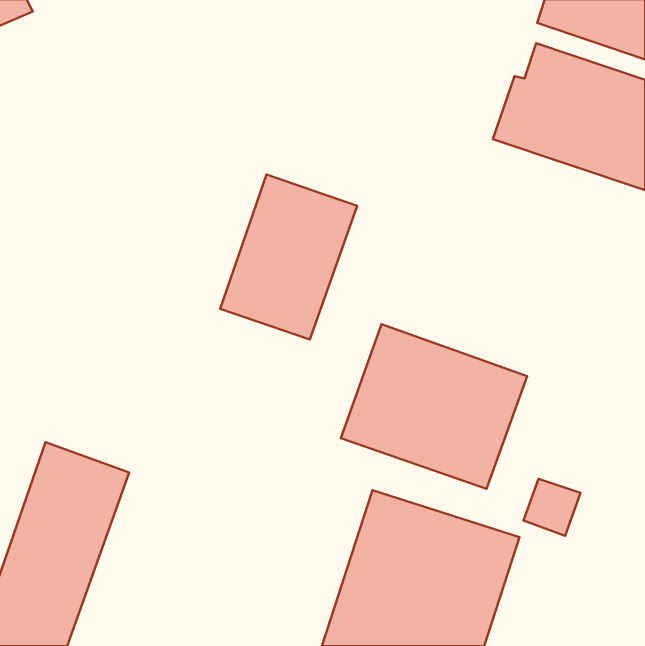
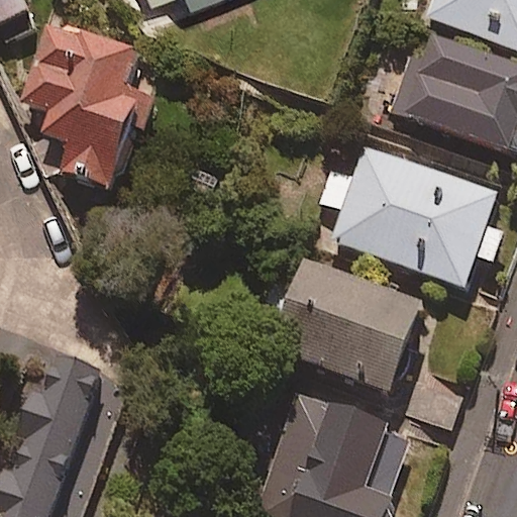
building: none -> [21,20,142,186]
building: [220,174,357,340] -> none
building: none -> [319,146,502,285]

